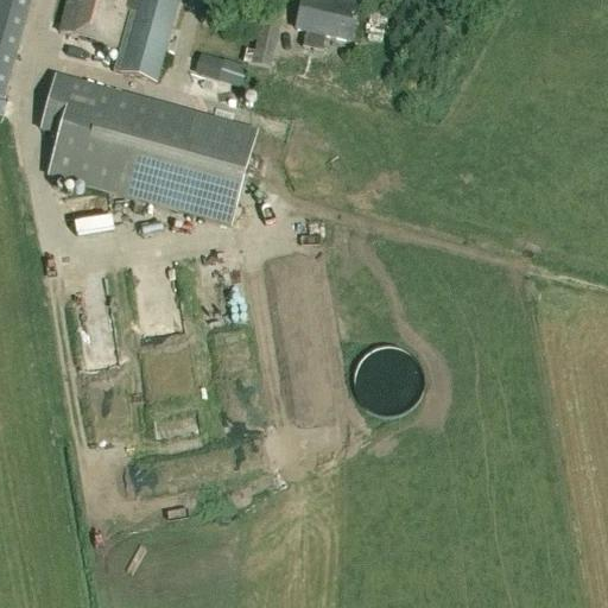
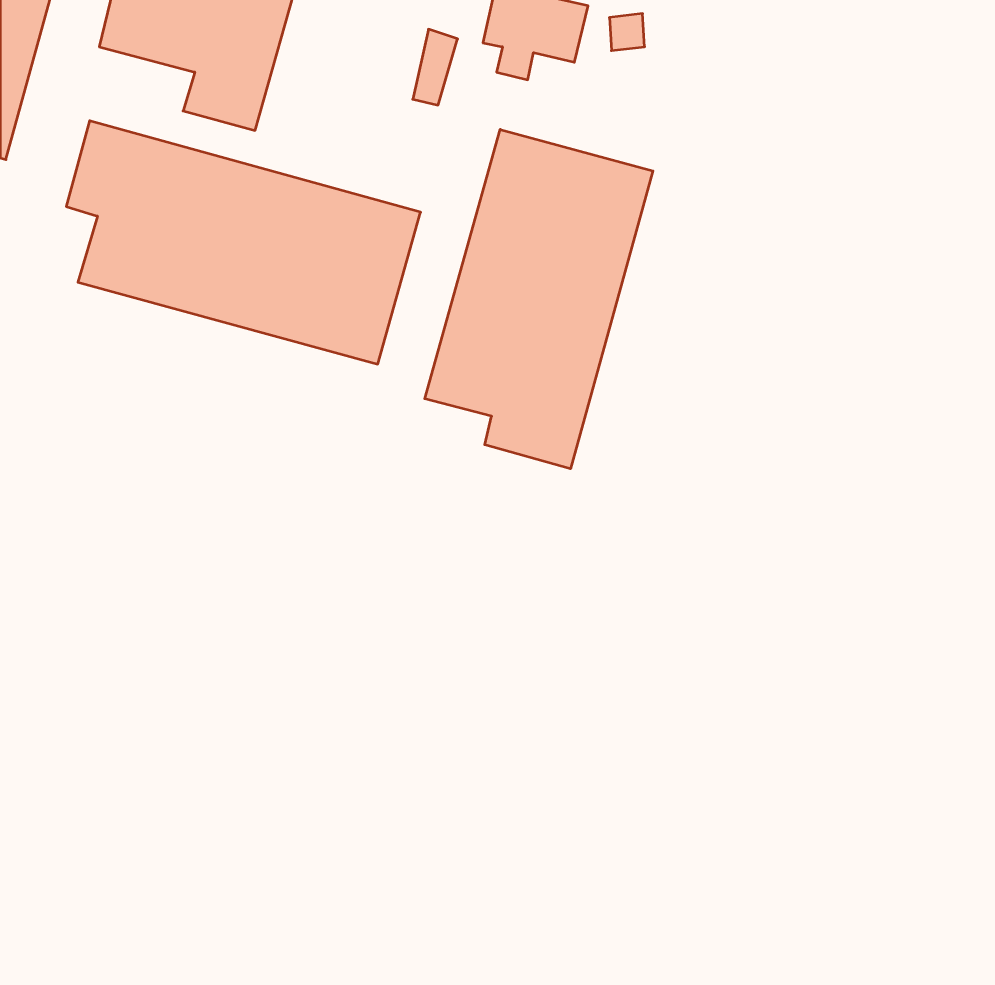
building: [195,50,234,81] -> none
building: none -> [425,129,653,469]

